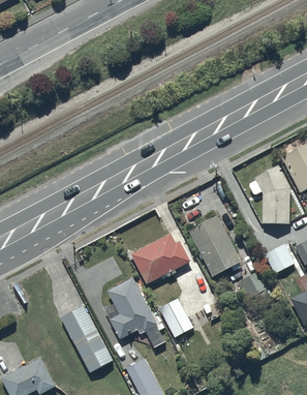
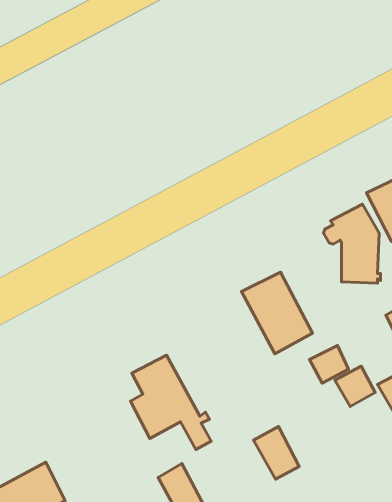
building: [130,234,189,283] -> none
building: [264,244,294,274] -> [335,366,375,406]
building: [158,298,192,337] -> [253,426,299,479]
building: [61,307,113,374] -> none

